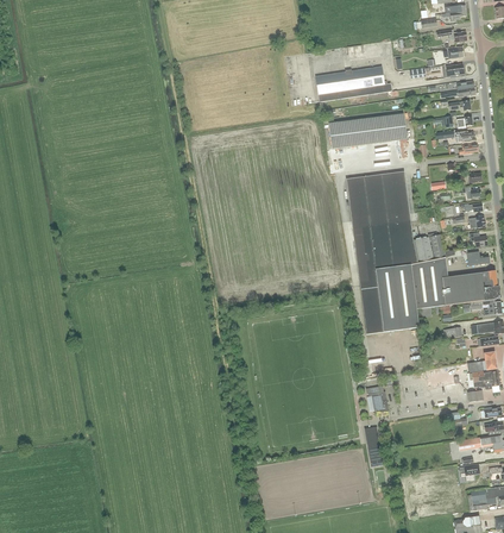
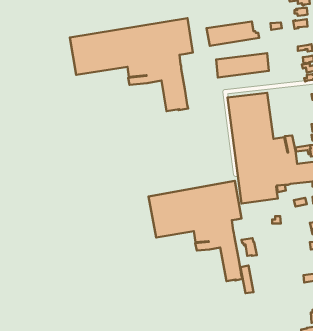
building: none -> [70,18,193,111]
building: none -> [148,181,242,281]

